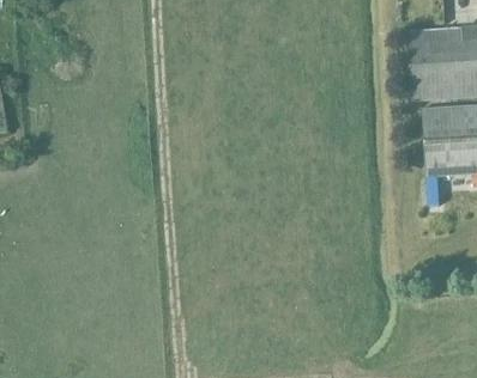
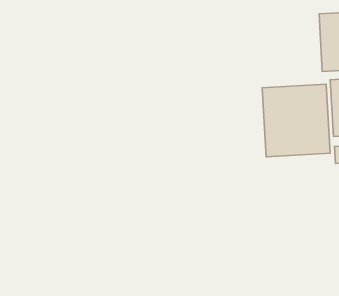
building: none -> [262,84,330,157]

